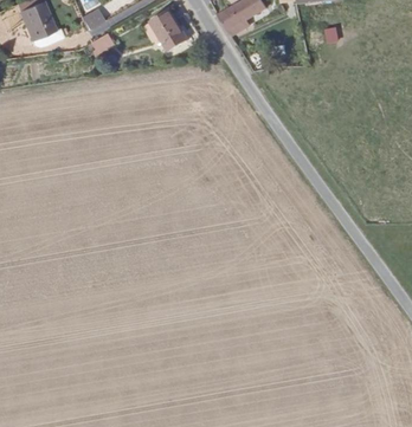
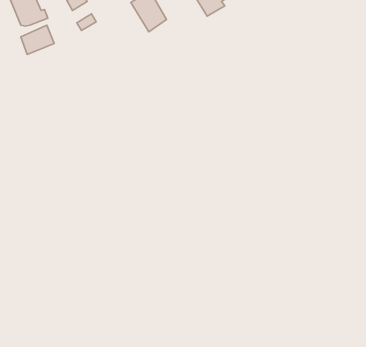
building: none -> [21,25,54,55]

